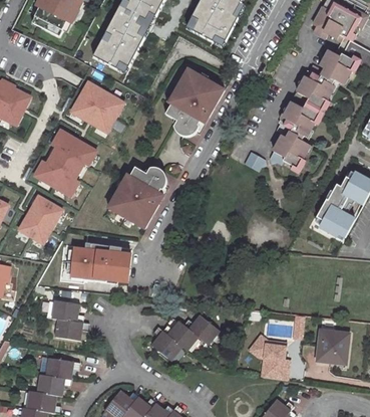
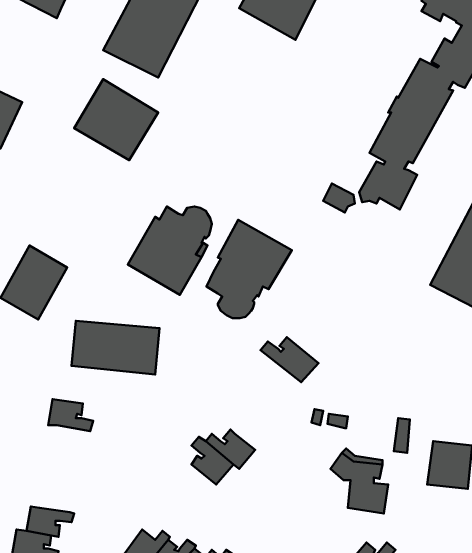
building: [164,67,224,136] -> [206,220,292,318]
building: [33,126,100,197] -> none
building: [181,316,222,347] -> [261,337,319,382]
building: [55,319,87,340] -> none
building: [46,358,78,379] -> none

